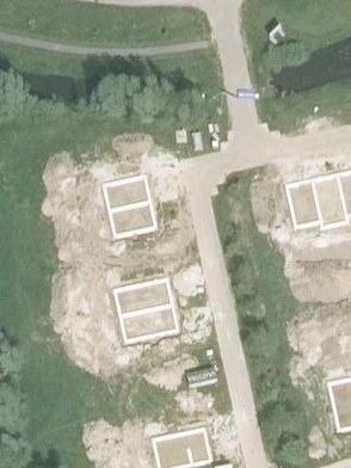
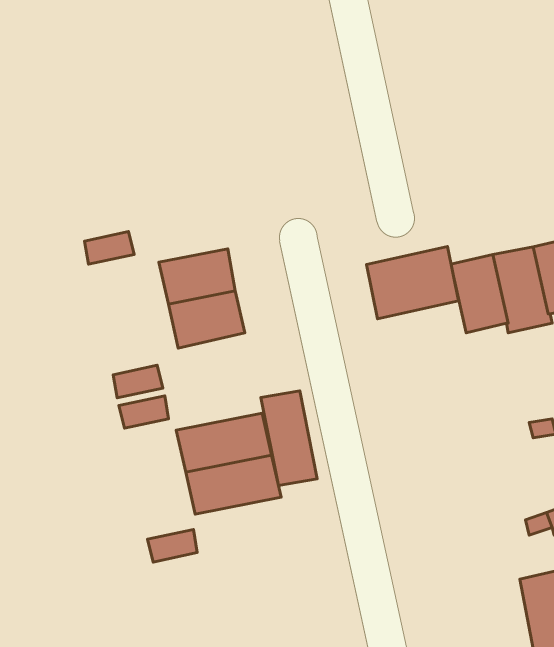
building: none -> [367,247,458,319]
building: none -> [261,391,317,485]

